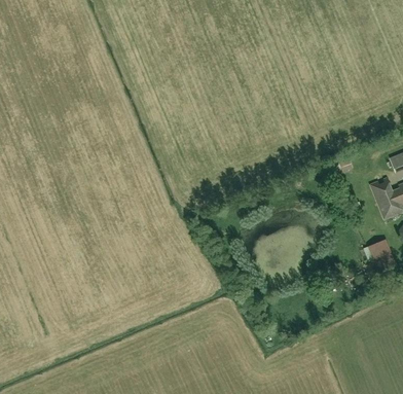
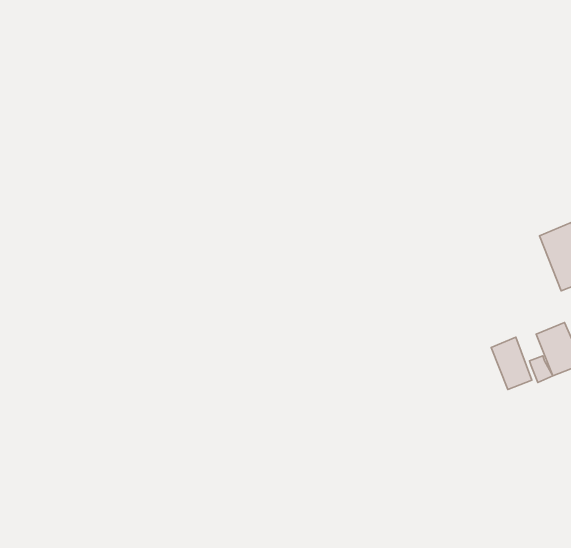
building: none -> [491,337,532,389]

